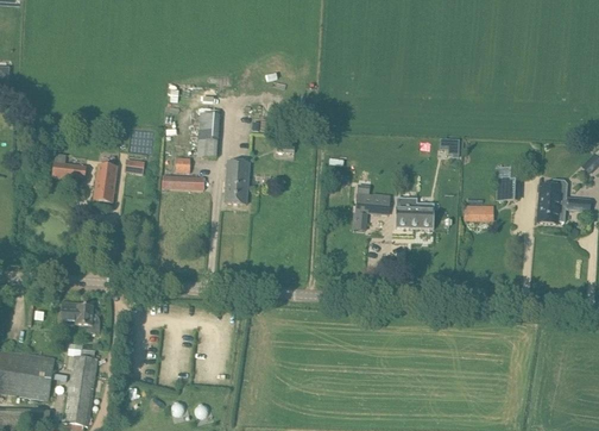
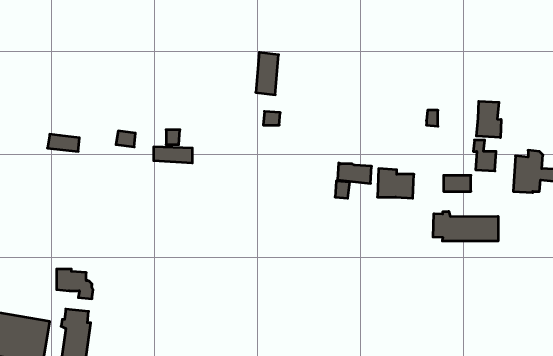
building: [196,112,220,156] -> [256,52,279,95]
building: none -> [476,101,501,138]
building: [225,161,248,202] -> none
building: [94,163,118,201] -> none
building: none -> [433,211,498,241]

